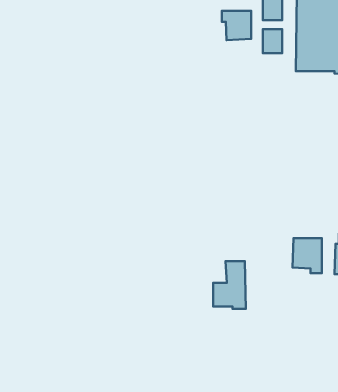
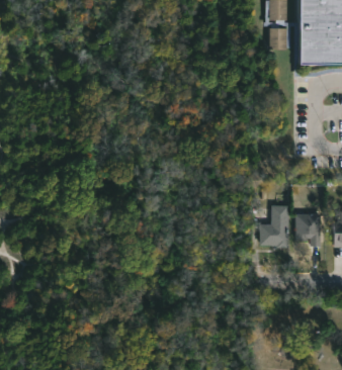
building: [222,11,251,40] -> none
building: [213,261,246,309] -> [260,204,289,247]

